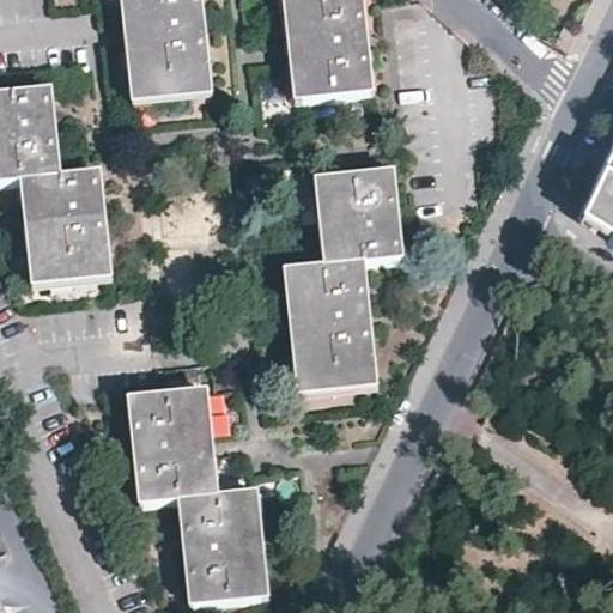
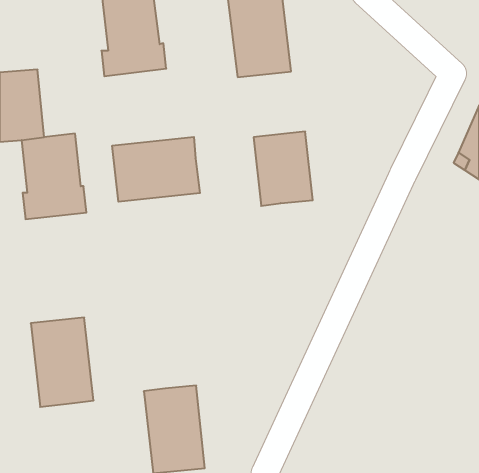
building: none -> [112,137,200,202]
building: [292,259,377,384] -> none
building: [131,389,211,503] -> [31,318,94,407]

